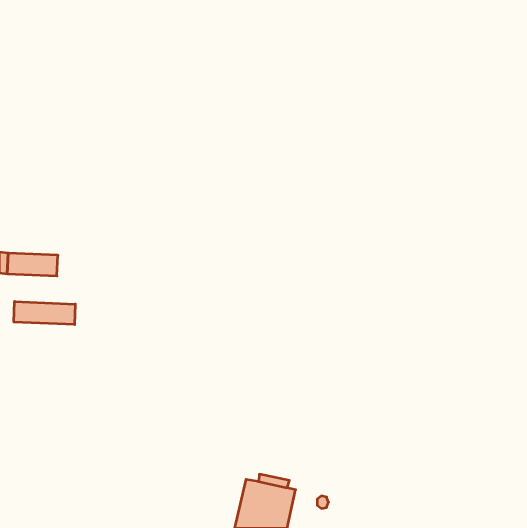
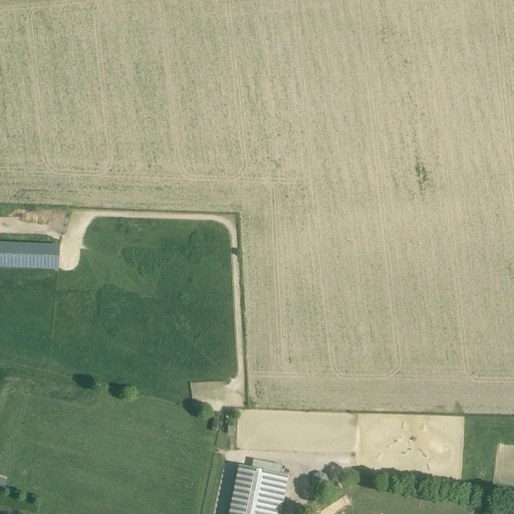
building: [14,301,75,325] -> none

